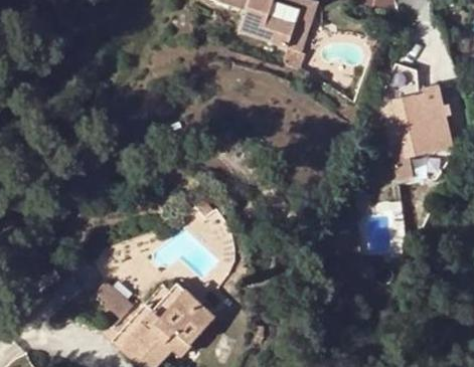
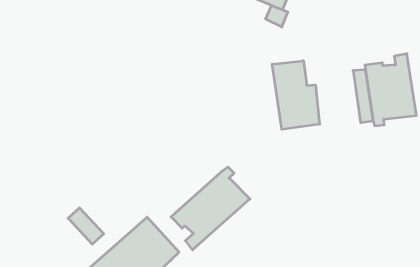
building: none -> [272,61,320,129]
building: none -> [171,167,250,250]

